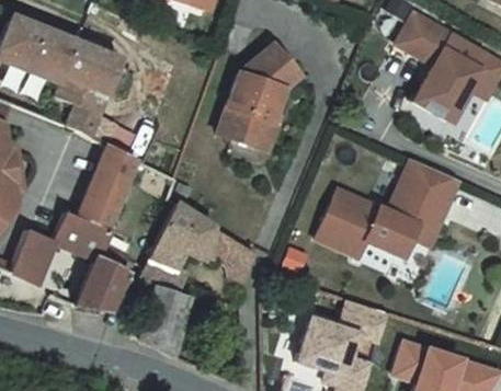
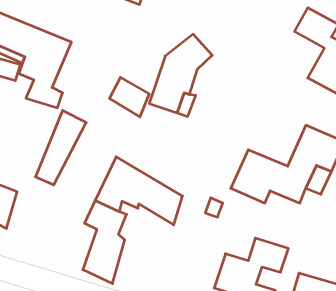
building: none -> [110,77,149,117]
building: [53,218,126,314] -> none

